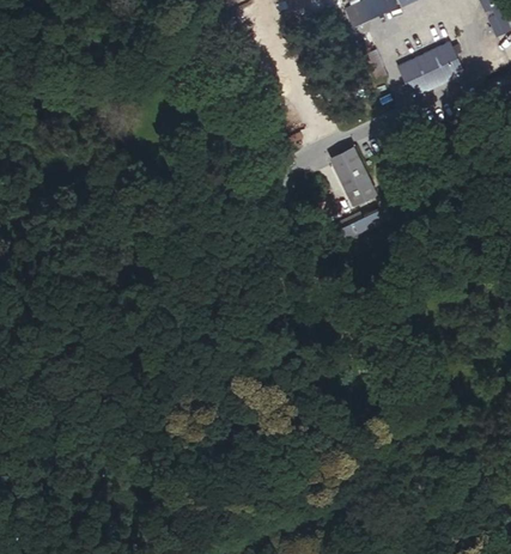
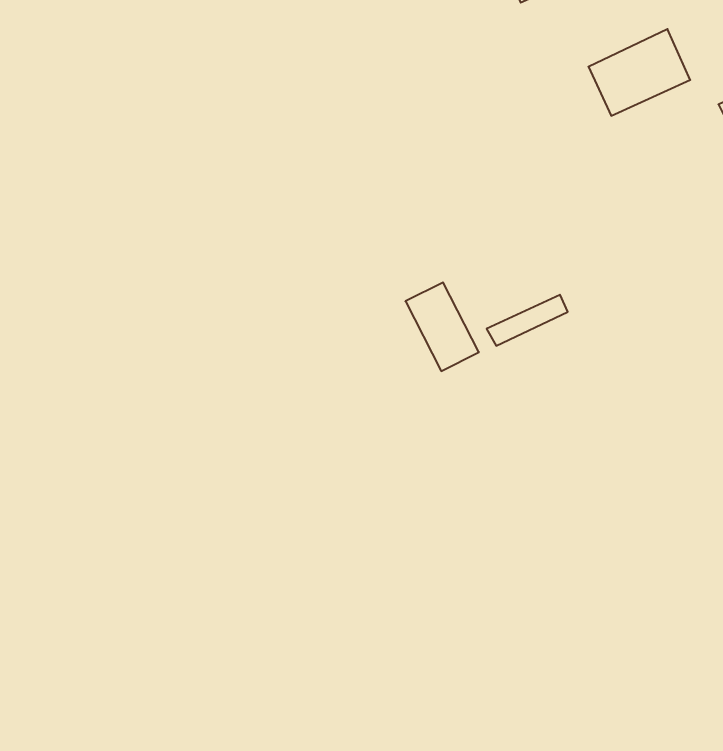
building: [330,148,377,205] -> [405,282,479,371]

